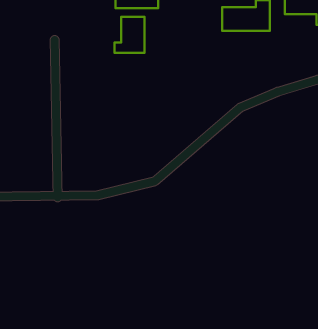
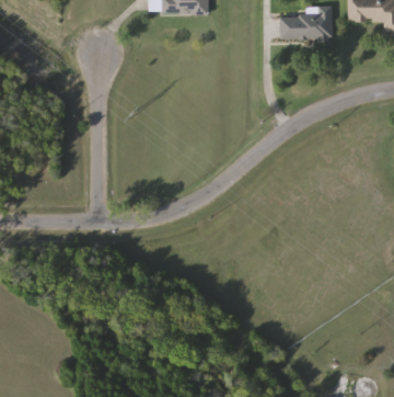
building: [114,17,145,53] -> none

